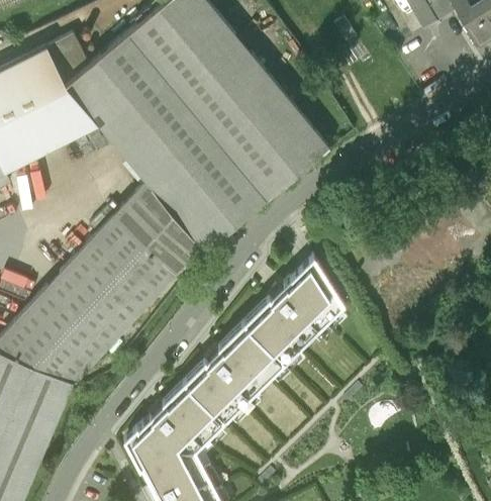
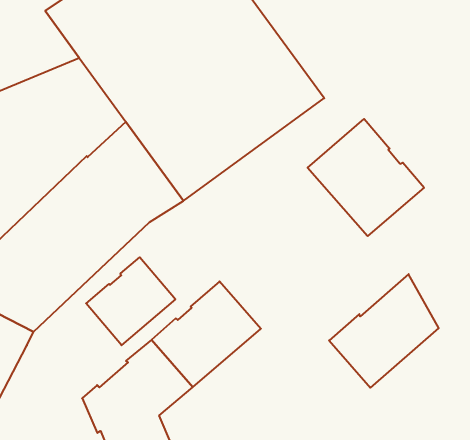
building: none -> [308,119,424,236]
building: [242,259,343,367] -> [329,274,439,388]
building: none -> [86,257,175,345]

